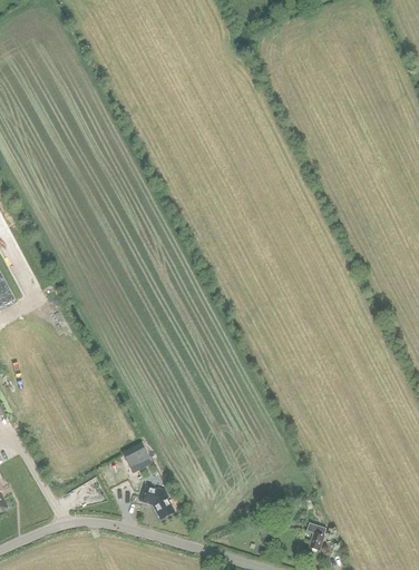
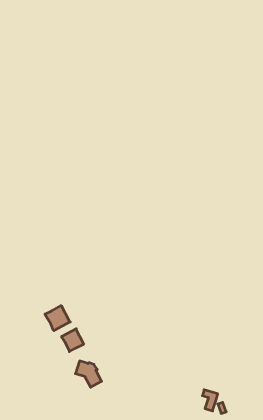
building: none -> [45,306,70,331]

